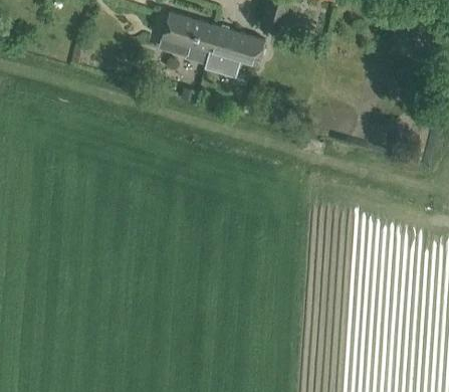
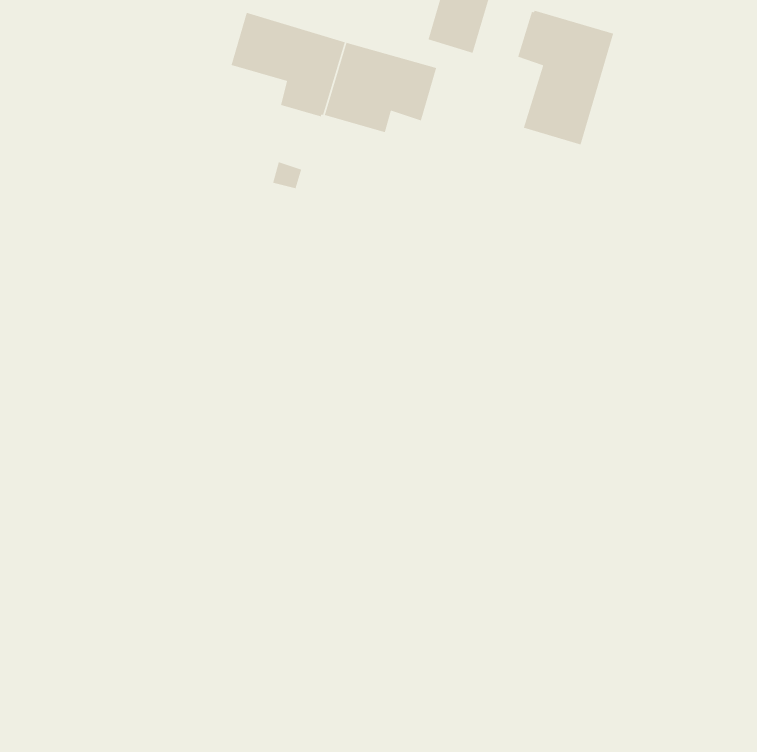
building: none -> [517,10,614,146]

